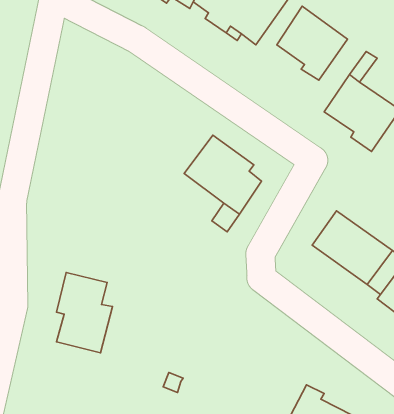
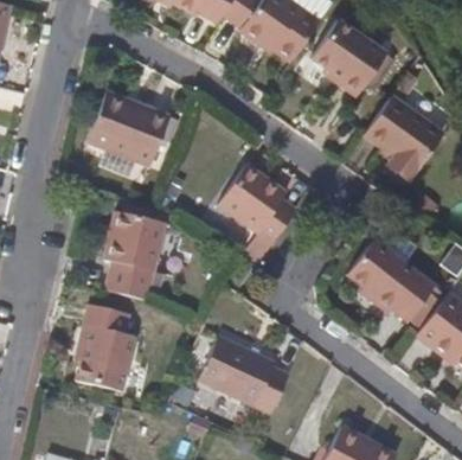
building: none -> [89,103,168,168]
building: none -> [104,215,166,305]
building: none -> [203,340,277,410]

